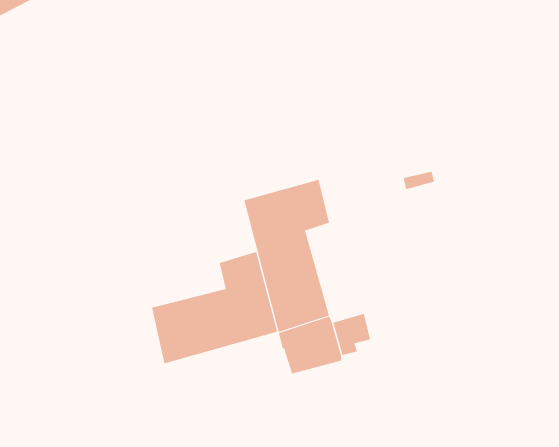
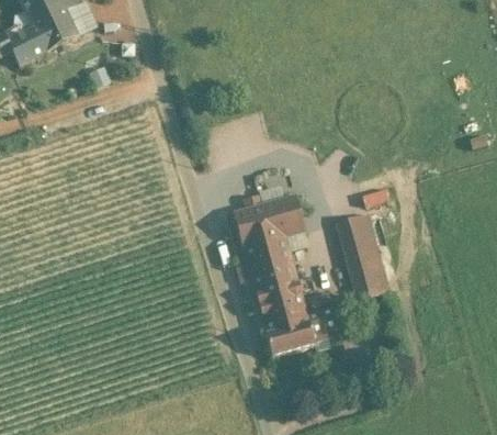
building: none -> [335,211,388,297]
building: [151,251,278,364] -> none

